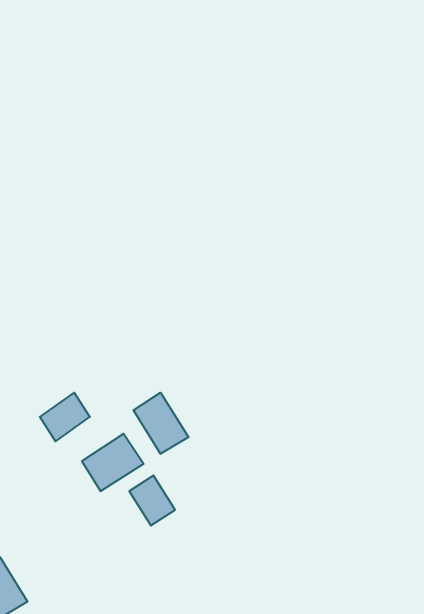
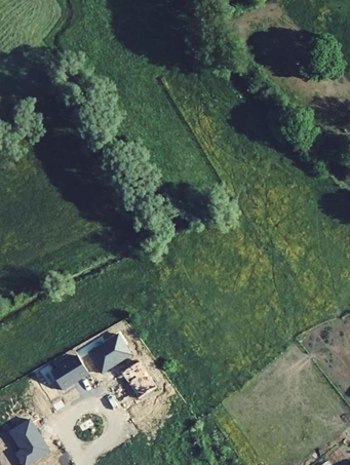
building: [40,393,90,441] -> [52,356,88,391]
building: [134,393,189,454] -> none

